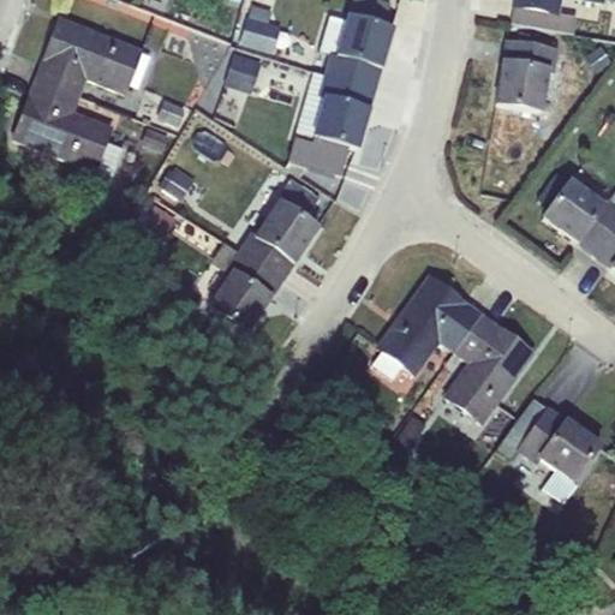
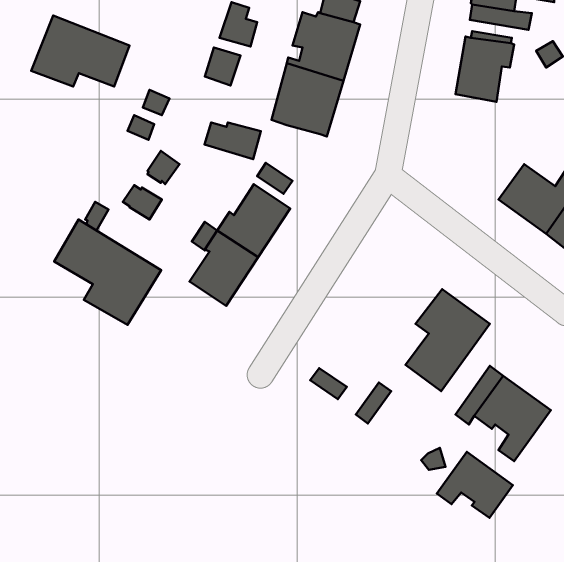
building: [13,77,125,175] -> none
building: [288,136,350,175] -> [204,122,261,159]
building: none -> [54,220,161,325]
building: [372,275,482,377] -> none
building: none -> [437,452,513,518]

